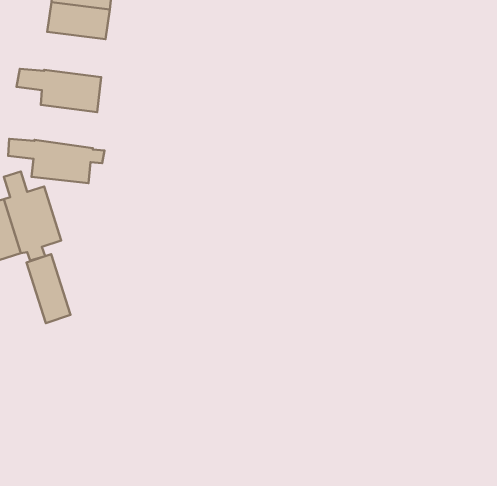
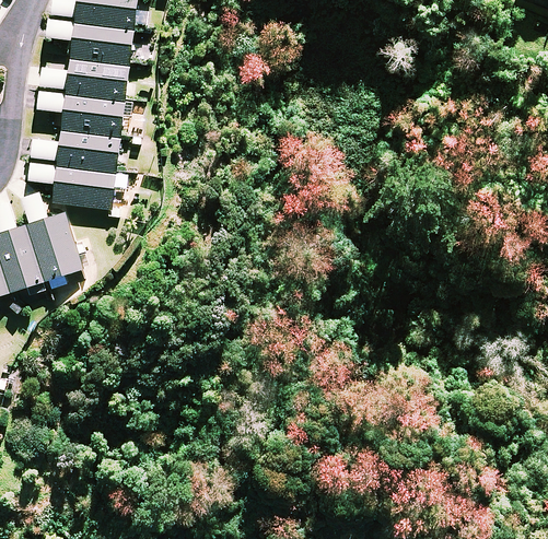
building: none -> [39,52,128,99]
building: none -> [30,128,119,173]
building: [27,254,70,323] -> none

